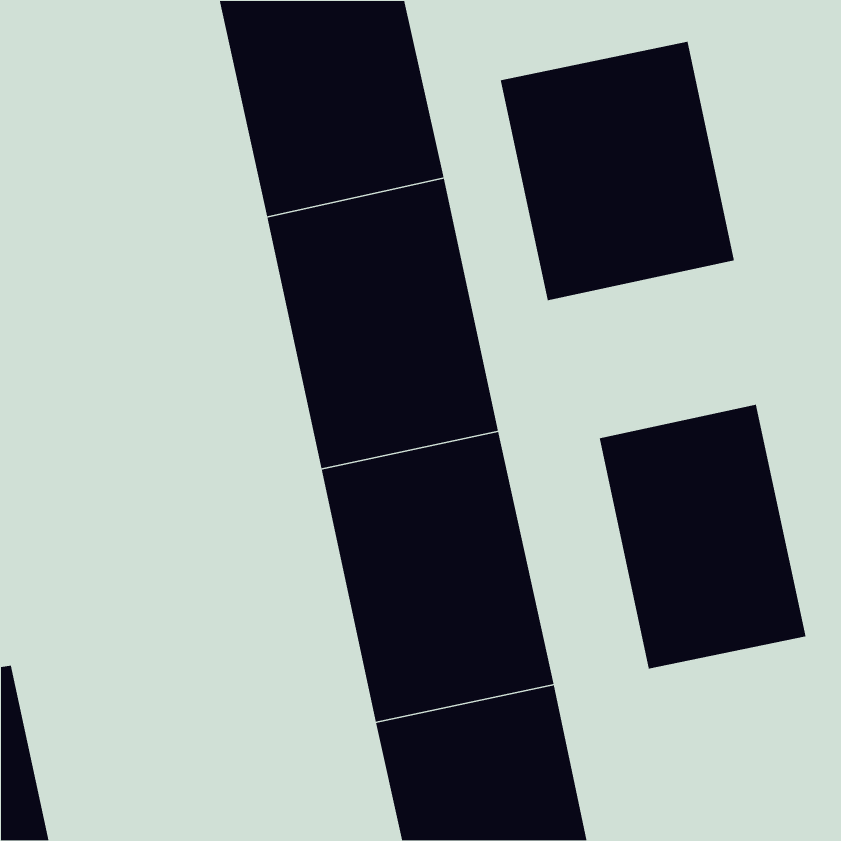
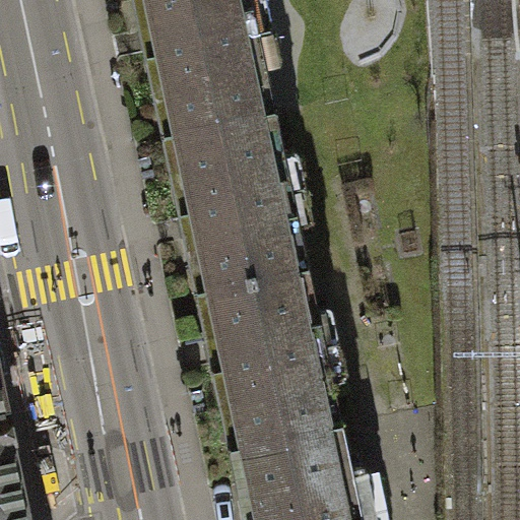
building: [500,41,735,301] -> none
building: [599,404,807,670] -> none

